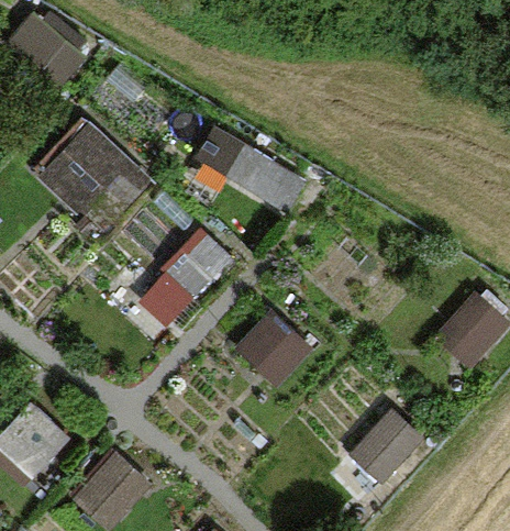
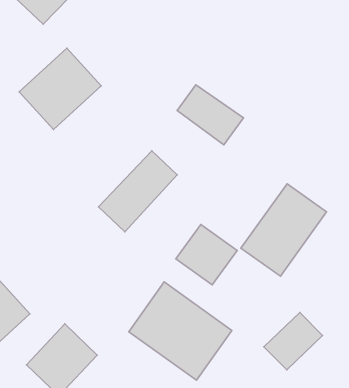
building: none -> [241,184,327,276]
building: none -> [129,282,232,380]

